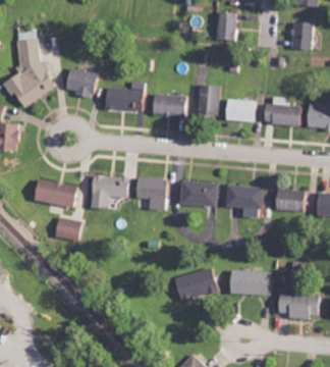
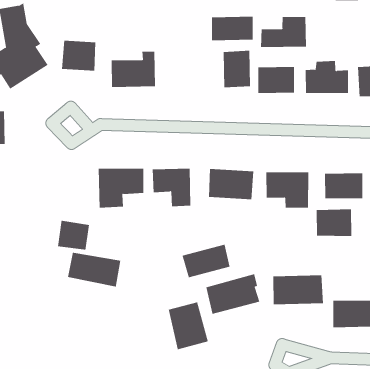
building: none -> [261,16,307,48]
building: [152,95,187,115] -> [211,16,254,41]
building: [33,178,77,209] -> [67,252,121,287]
building: none -> [316,209,352,237]
building: none -> [182,244,230,278]
building: none -> [168,301,208,350]

